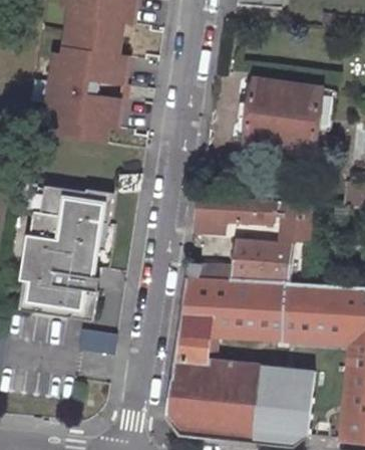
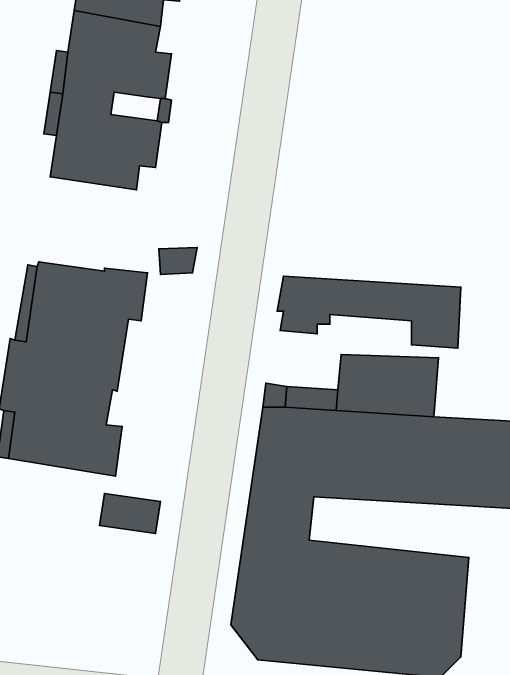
building: [244,75,327,150] -> none

